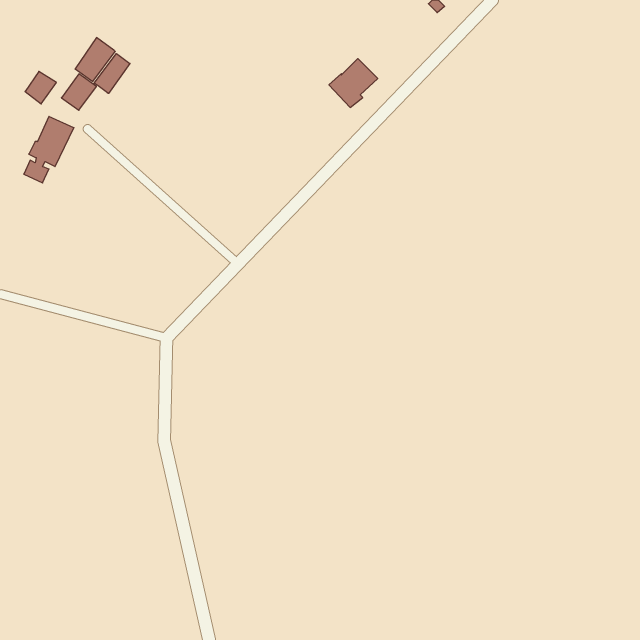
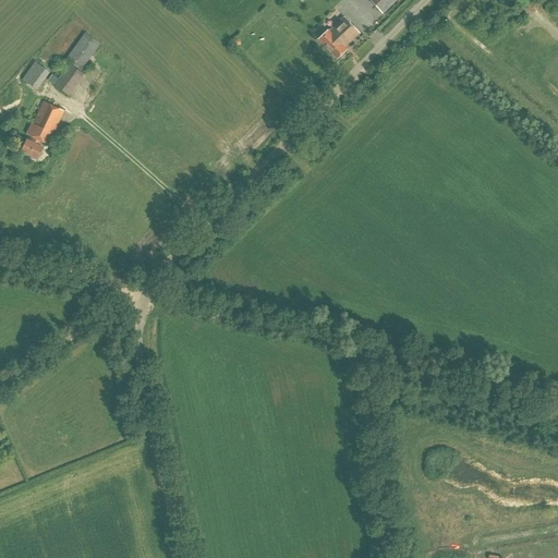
building: [94,54,130,93] -> none
building: [329,59,378,107] -> [317,16,360,59]

